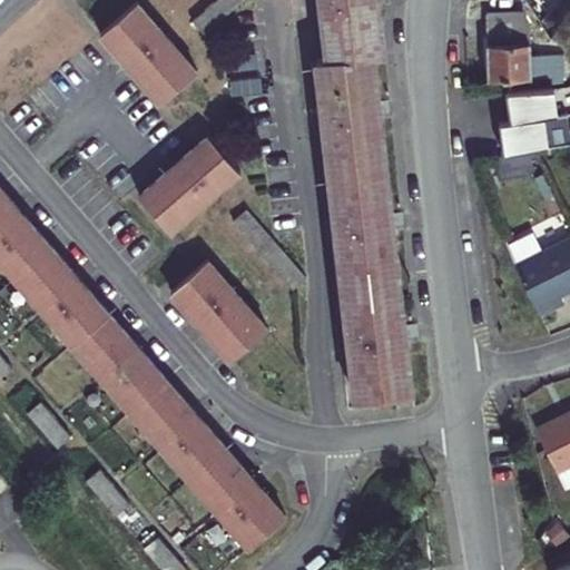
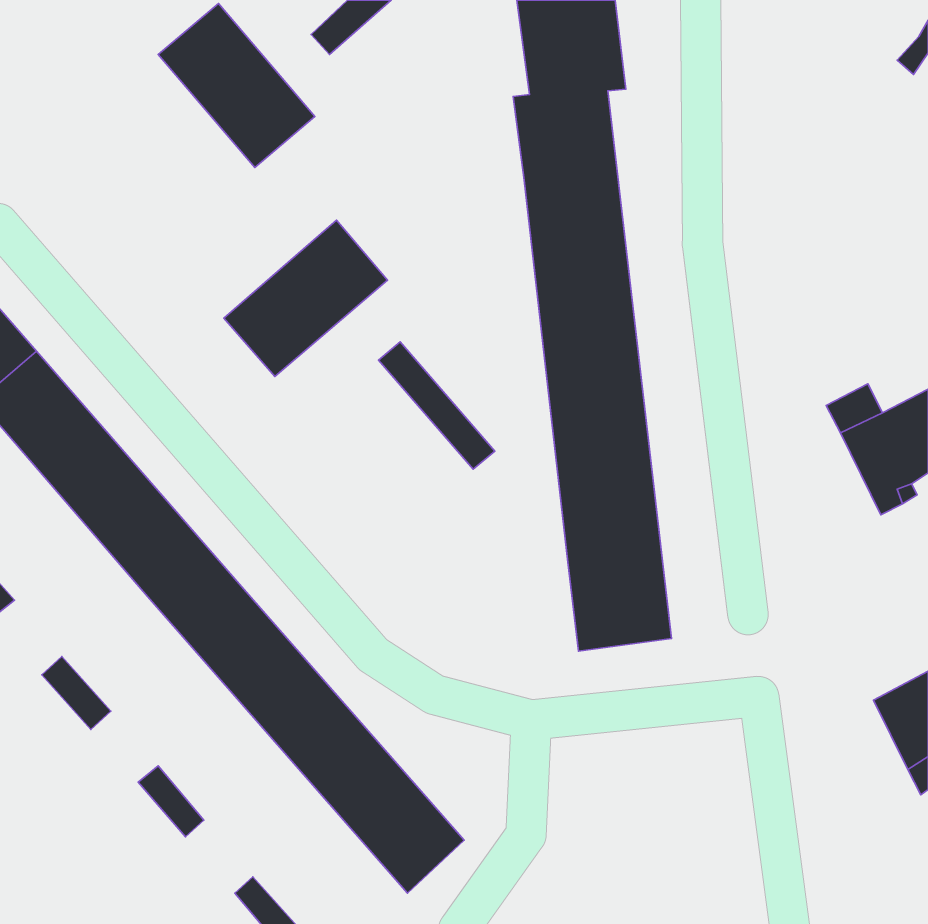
building: [484,16,563,86] -> none
building: [498,92,554,158] -> none
building: [170,262,265,361] -> none

